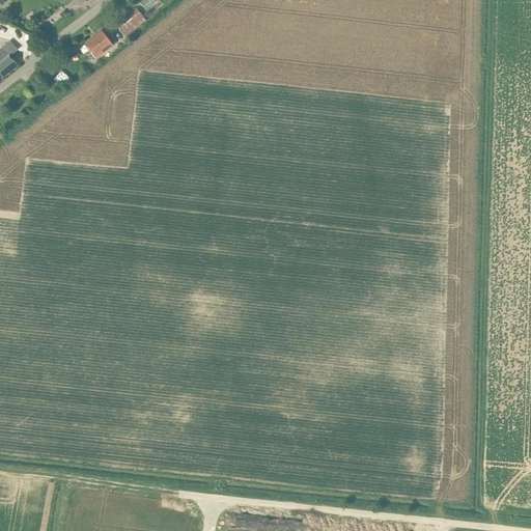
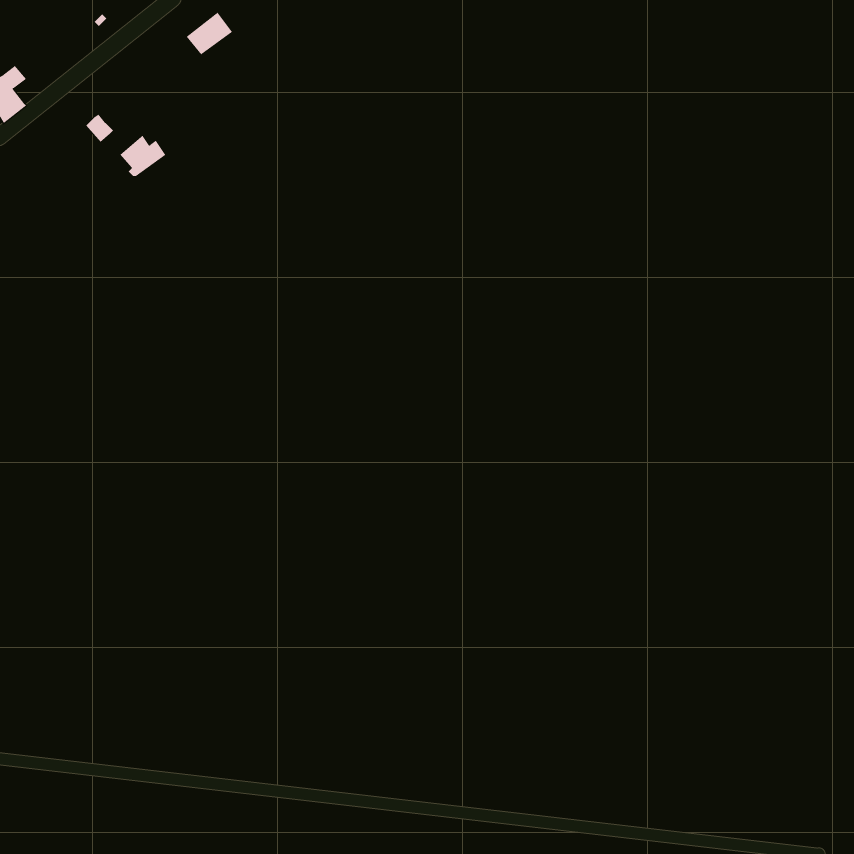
building: [85,30,114,56] -> [119,135,166,177]

